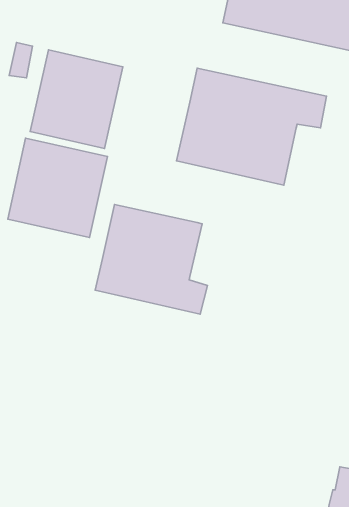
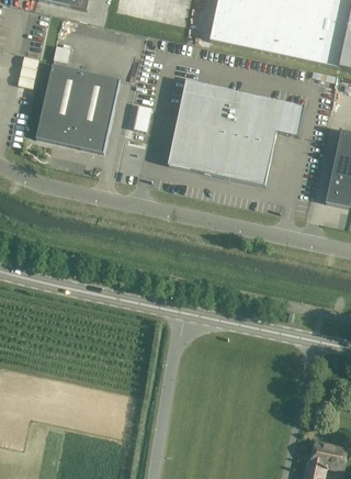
building: [8,138,107,238] -> none
building: [95,205,208,314] -> none

